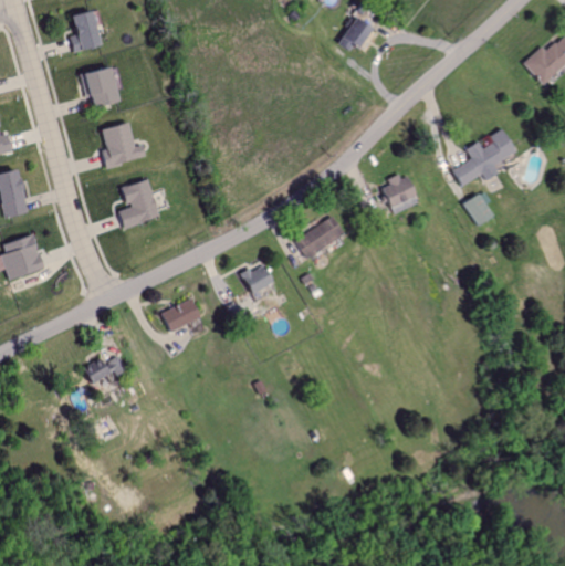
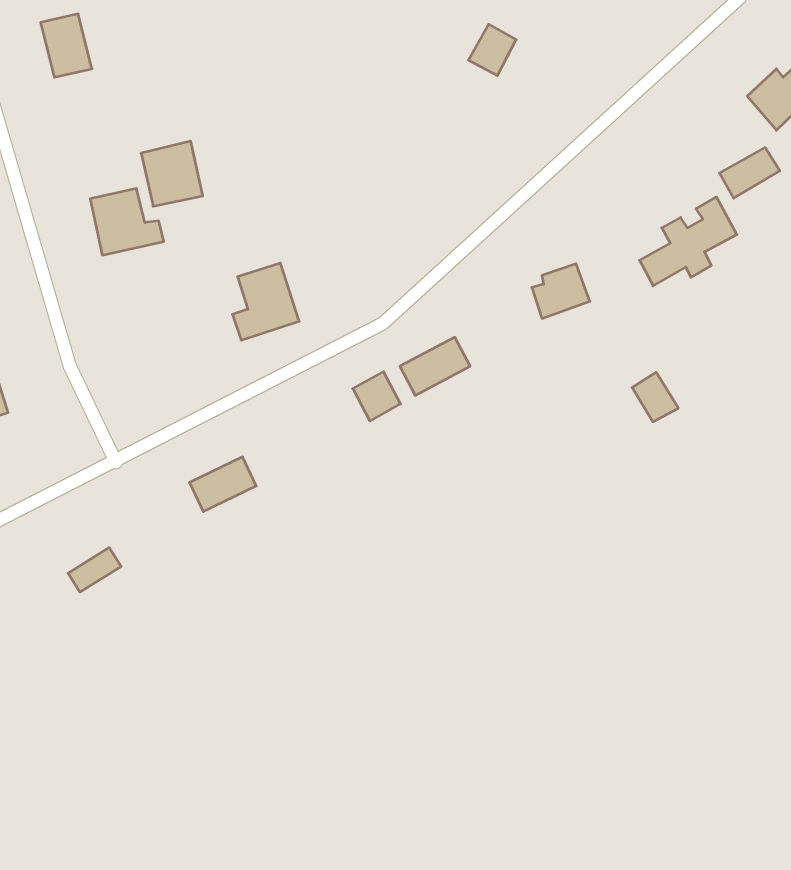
building: [81,65,121,107] -> [141,141,203,206]
building: none -> [719,148,780,198]
building: [118,178,161,228] -> [232,263,299,340]
building: [464,192,494,224] -> [632,372,678,422]
building: [242,262,273,294] -> [353,372,401,421]

